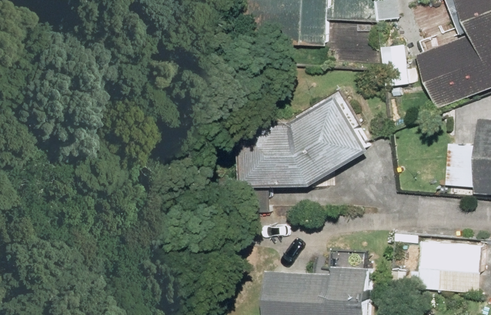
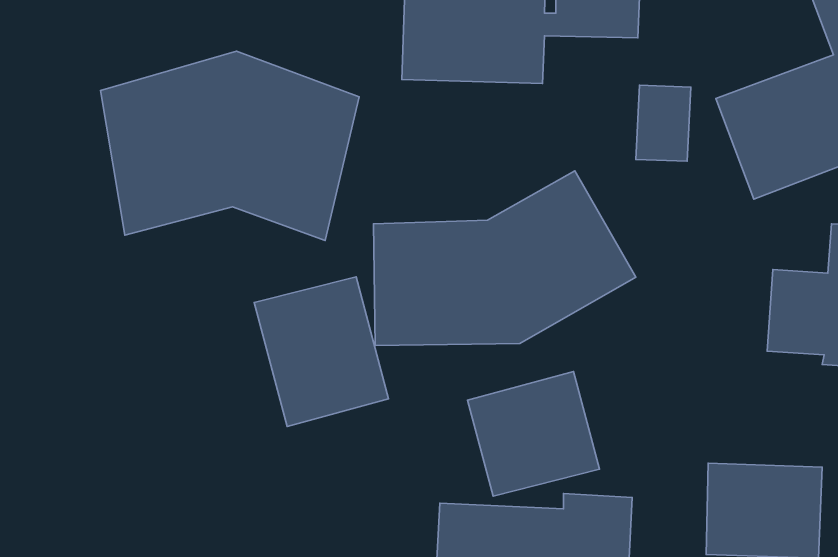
building: none -> [101,51,359,240]
building: none -> [254,277,388,426]
building: none -> [468,371,599,496]

